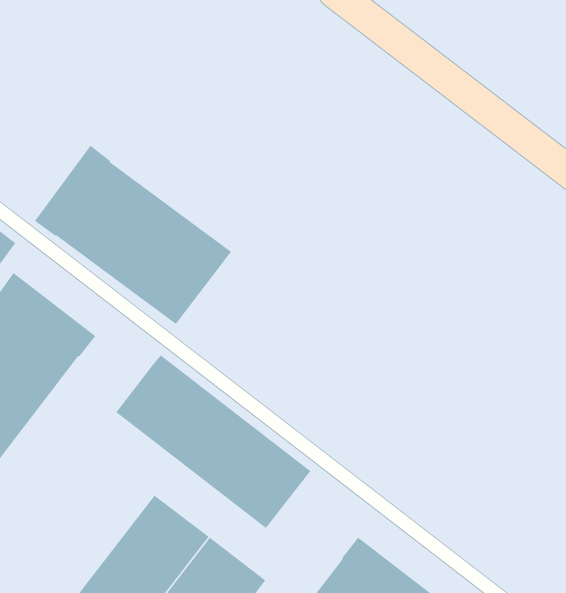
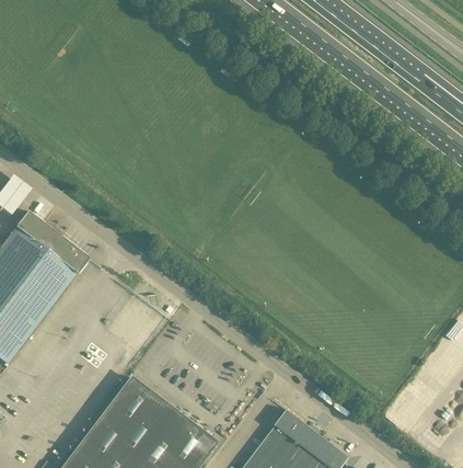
building: [34,145,232,325] -> none
building: [115,354,311,529] -> none

